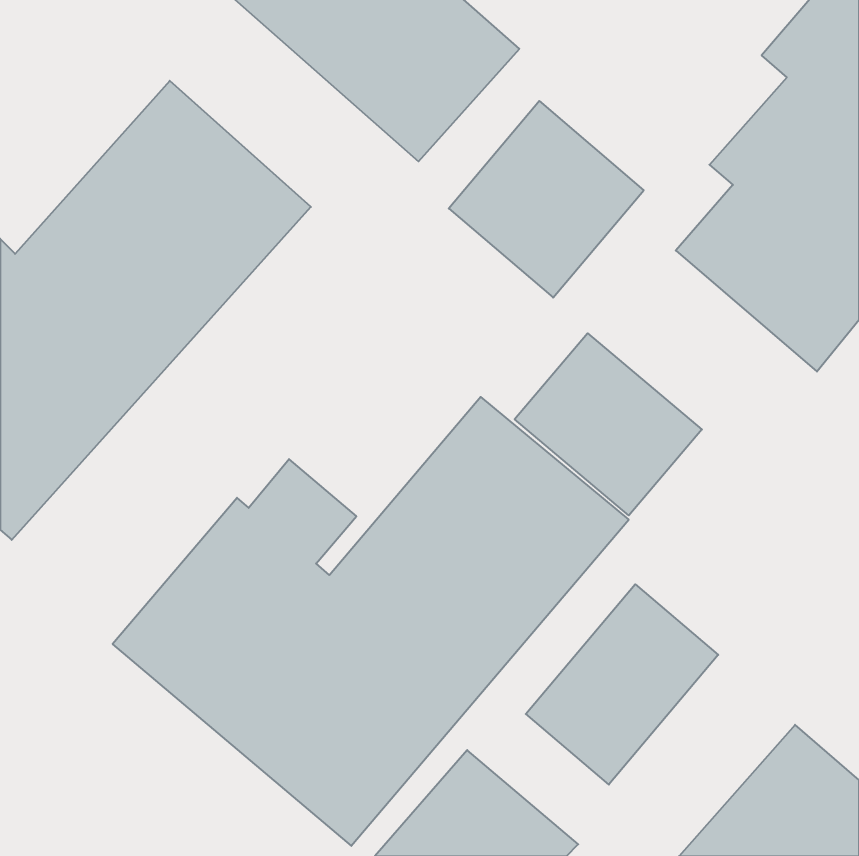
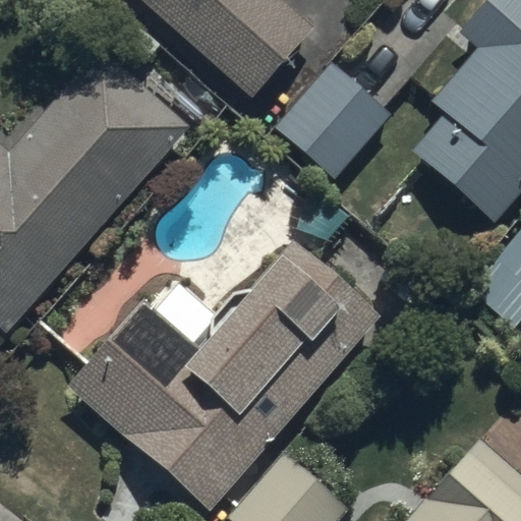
building: [515,333,702,515] -> none
building: [526,584,718,785] -> none

